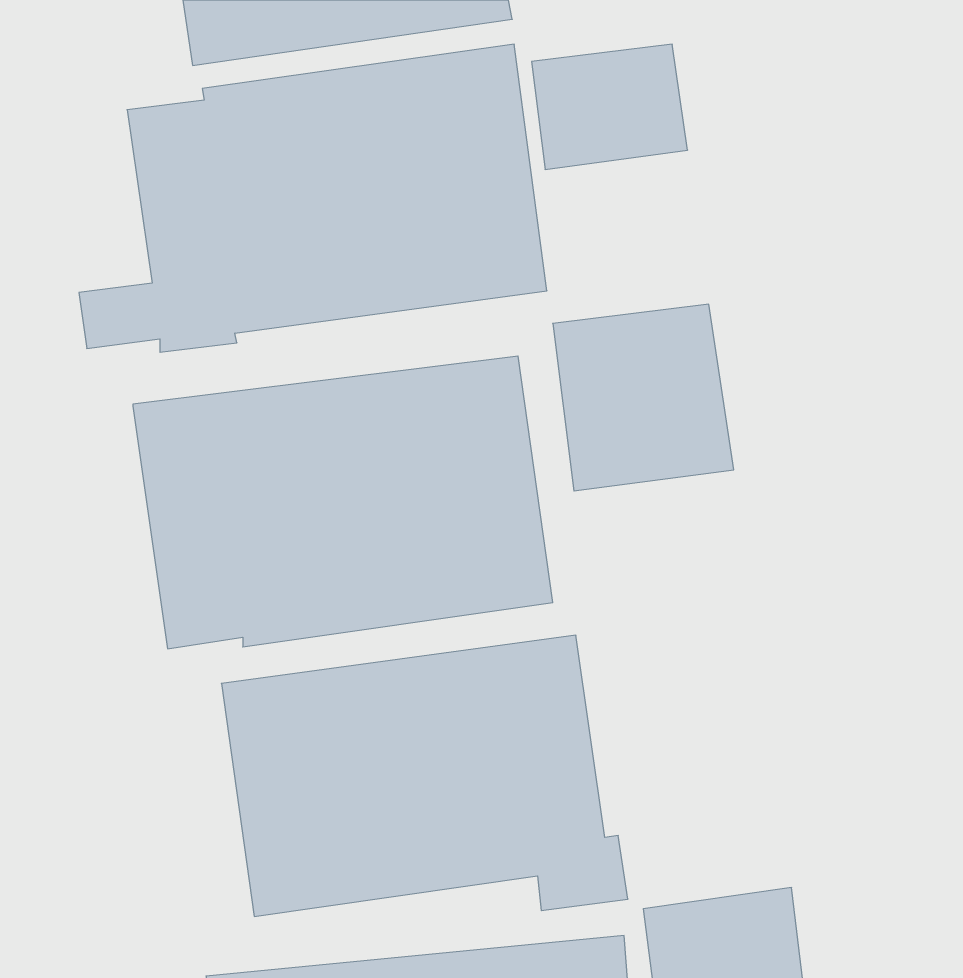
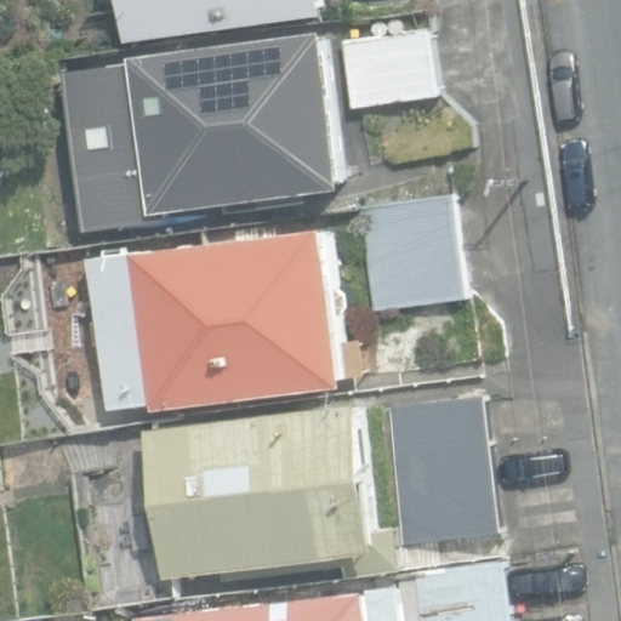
building: none -> [376,398,496,547]

